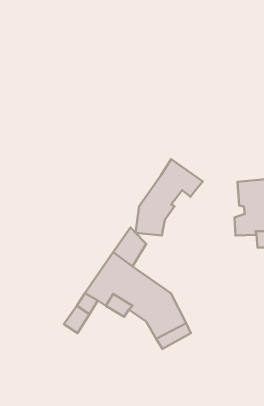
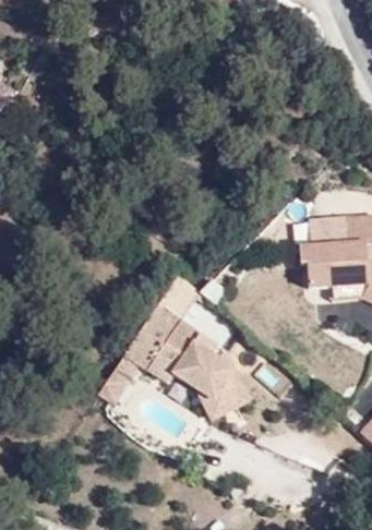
building: [136,159,203,236] -> none

